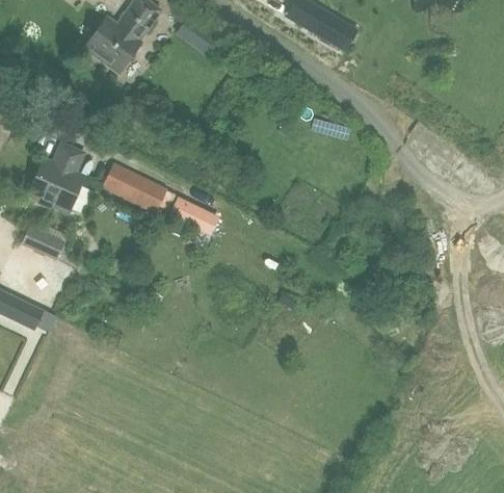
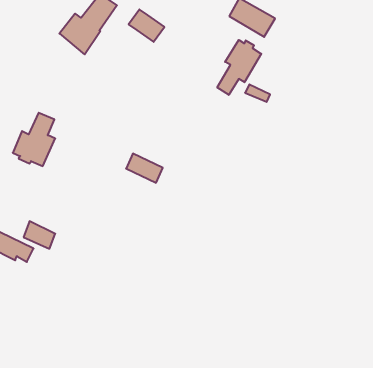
building: none -> [217,40,261,95]
building: [100,161,175,212] -> none
building: [23,226,62,260] -> [24,221,55,249]

